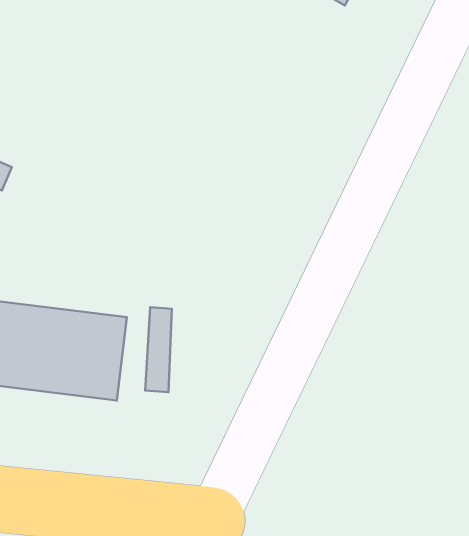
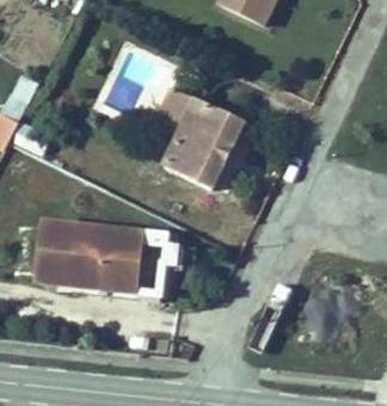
building: none -> [159,84,240,176]

